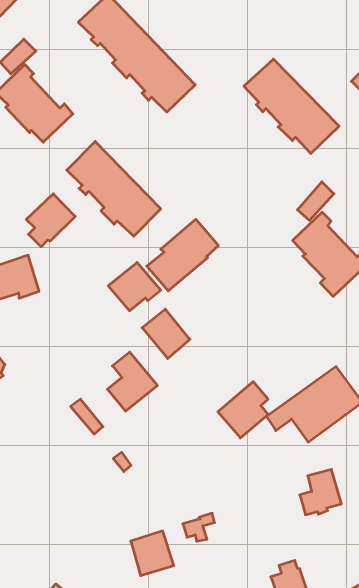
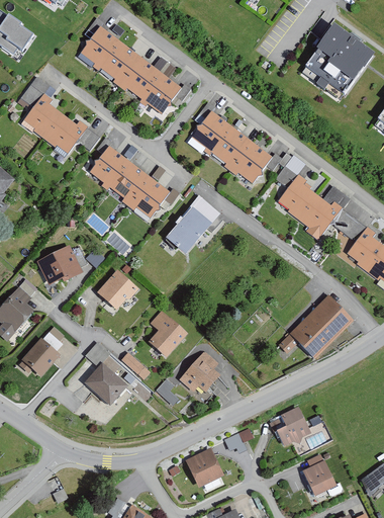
building: [244,59,339,154] -> [191,112,272,183]
building: [26,194,75,247] -> none
building: [108,262,161,311] -> [96,270,138,310]
building: [142,309,190,359] -> none
building: none -> [84,342,128,406]
building: [218,382,268,438] -> [180,351,220,398]
building: [300,469,341,515] -> [277,407,311,446]

